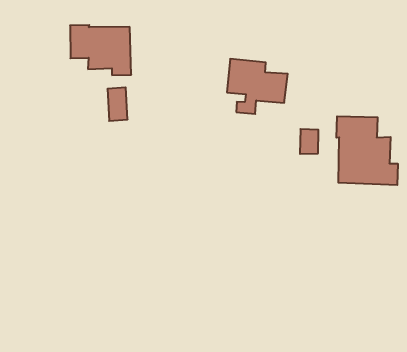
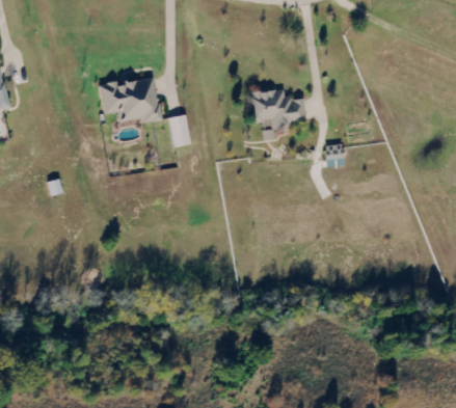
building: [107,87,128,121] -> [167,113,190,146]
building: [336,116,398,185] -> none

